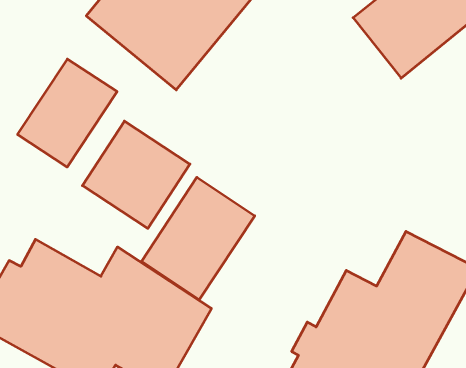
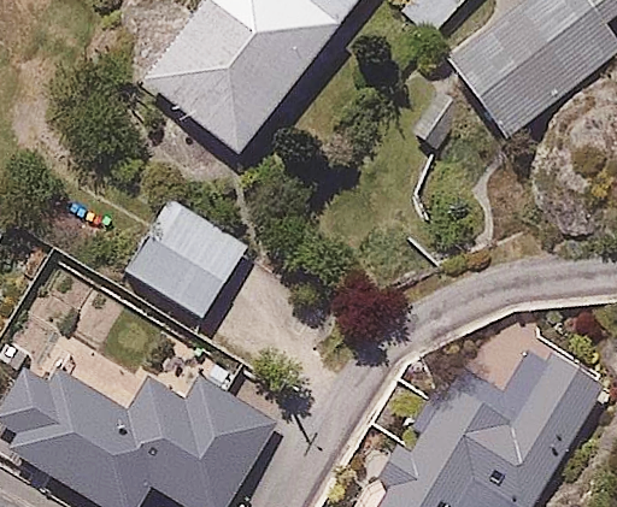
building: [18,59,117,167] -> none
building: [141,177,255,300] -> none

